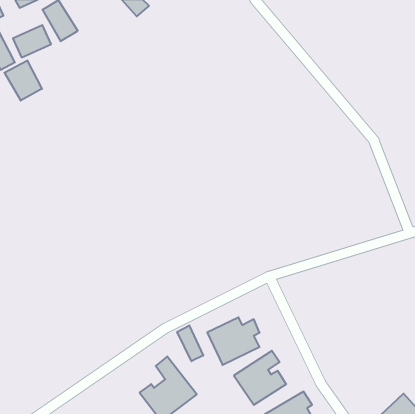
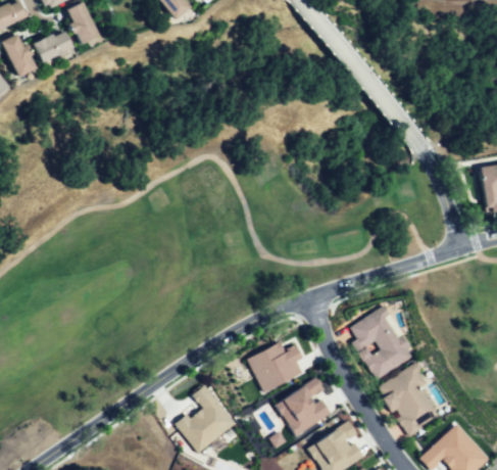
building: [4,60,42,101] -> none
building: none -> [348,306,409,380]
building: [177,325,203,361] -> none
building: none -> [376,363,438,437]

